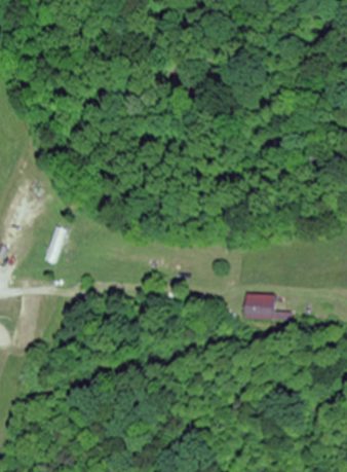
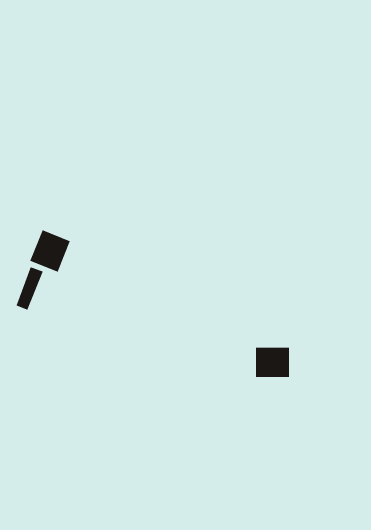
building: none -> [29,229,71,273]

